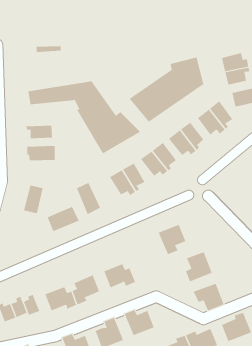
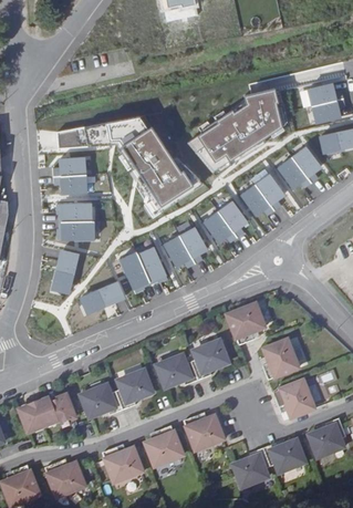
building: none -> [55,156,90,177]
building: none -> [58,221,94,239]
building: none -> [137,242,168,283]
building: none -> [190,341,228,380]

